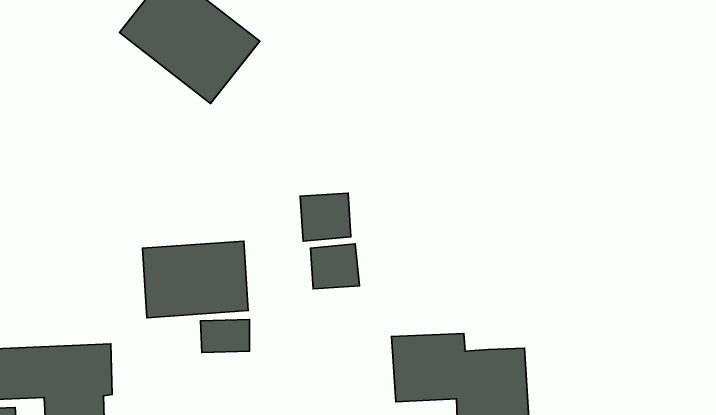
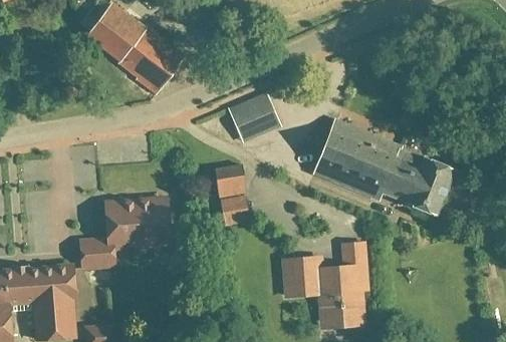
building: none -> [229,91,283,141]
building: none -> [308,118,454,214]
building: none -> [340,243,366,266]
building: [200,319,250,353] -> [83,249,117,272]

